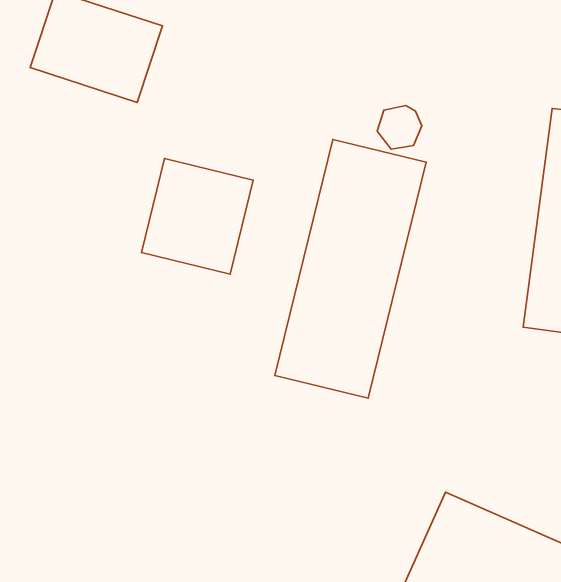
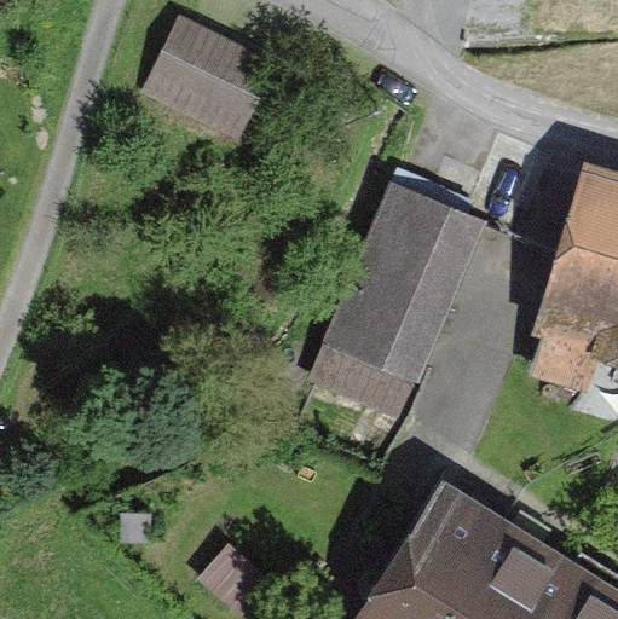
building: [141,158,253,274] -> none

